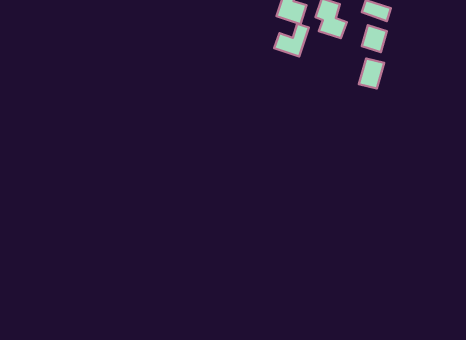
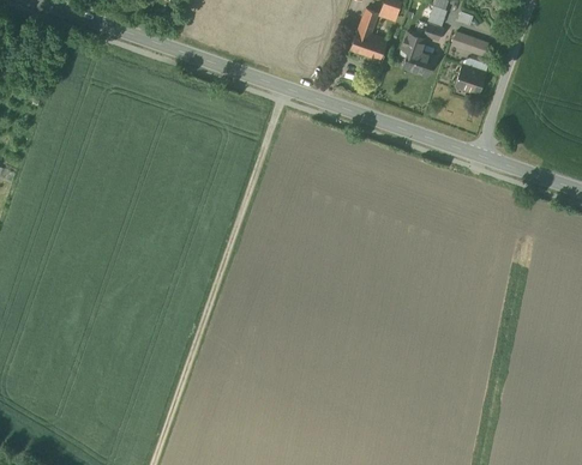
building: [274,24,309,56] -> none
building: [359,59,384,88] -> none

